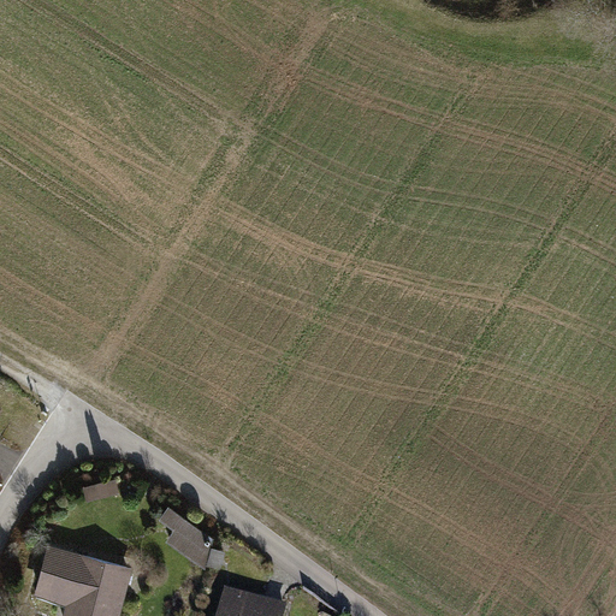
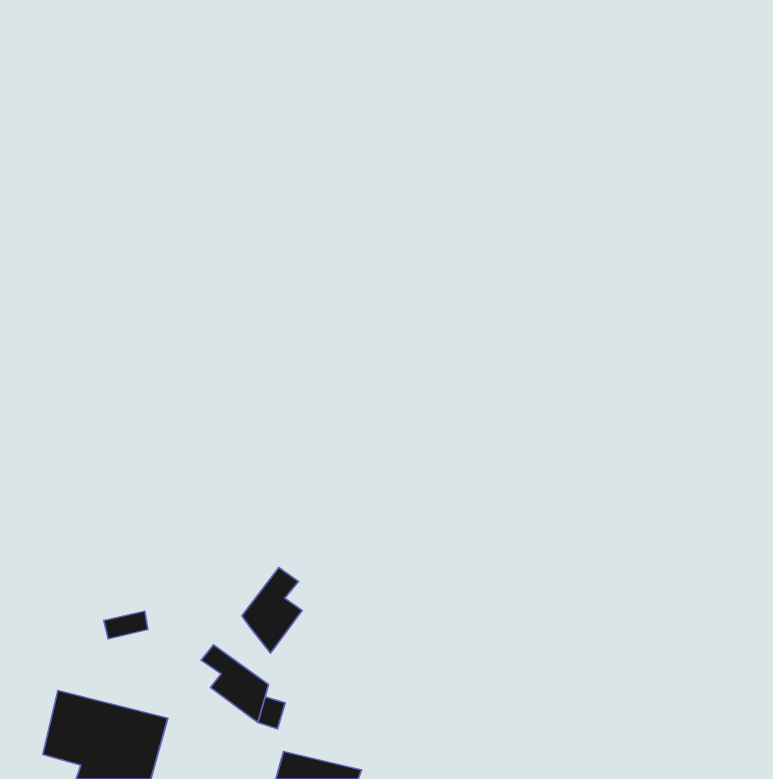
building: none -> [242,568,302,653]

